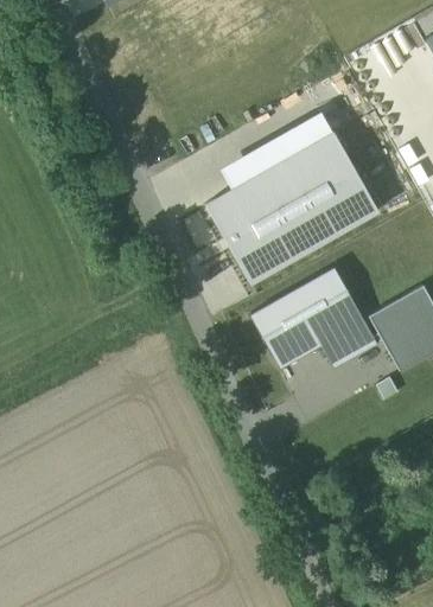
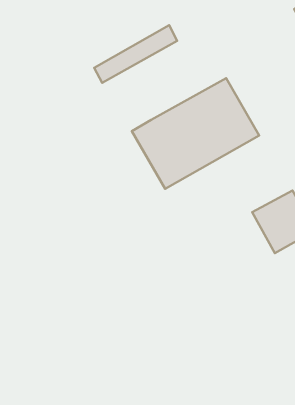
building: [221,111,333,190] -> [94,25,177,83]
building: [249,268,377,370] -> none

